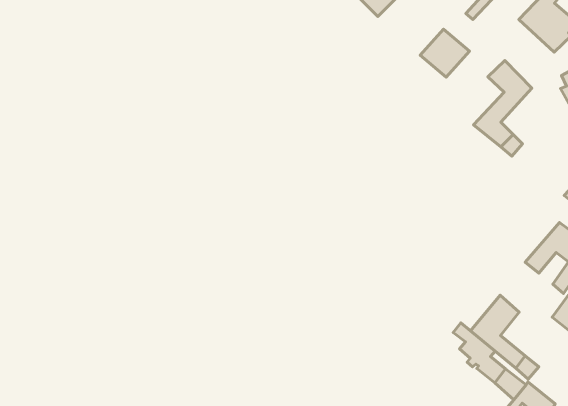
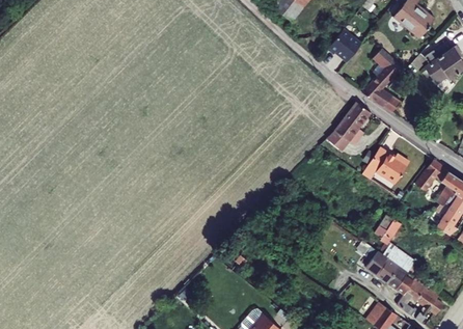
building: none -> [332,101,371,145]
building: none -> [365,146,407,184]

